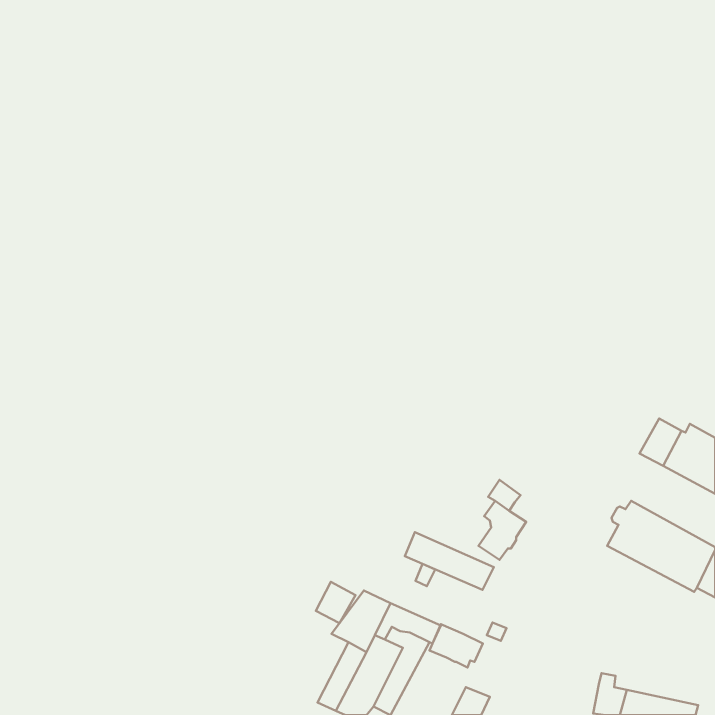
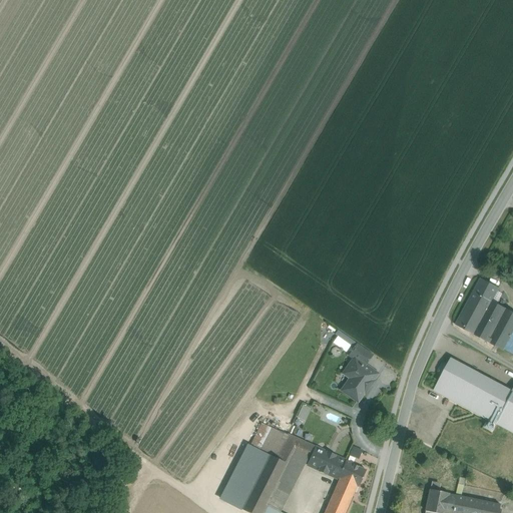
building: none -> [472,281,498,310]
building: [405,532,494,590] -> none
building: [316,582,355,623] -> none
building: none -> [334,461,366,499]

